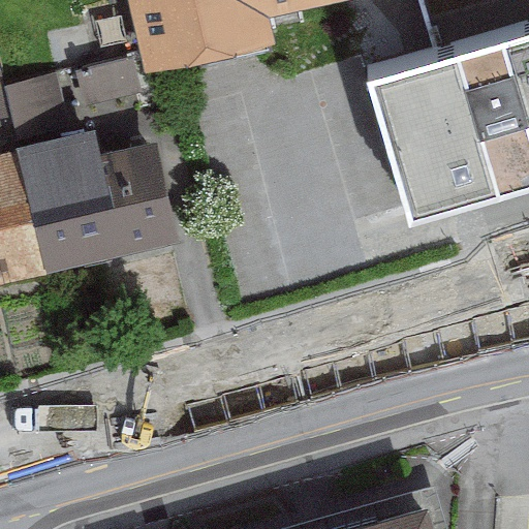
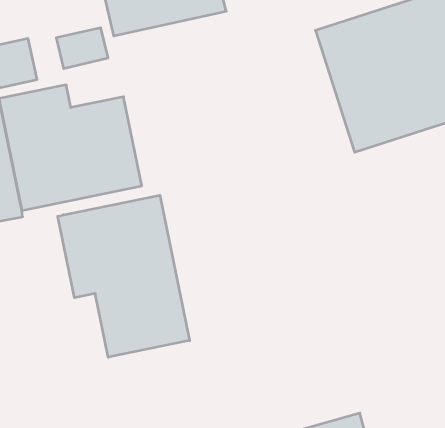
building: none -> [58,195,190,357]

